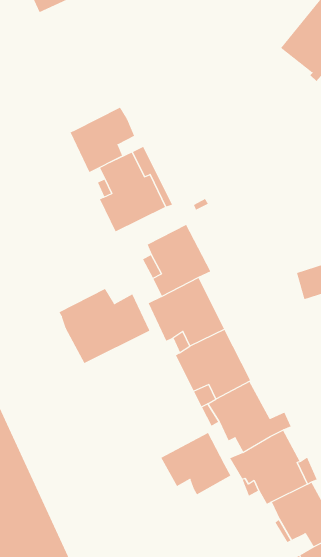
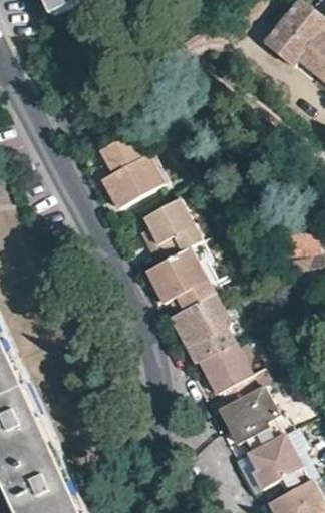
building: [70,107,135,173] -> none
building: [59,288,150,364] -> none
building: [161,432,231,495] -> none

